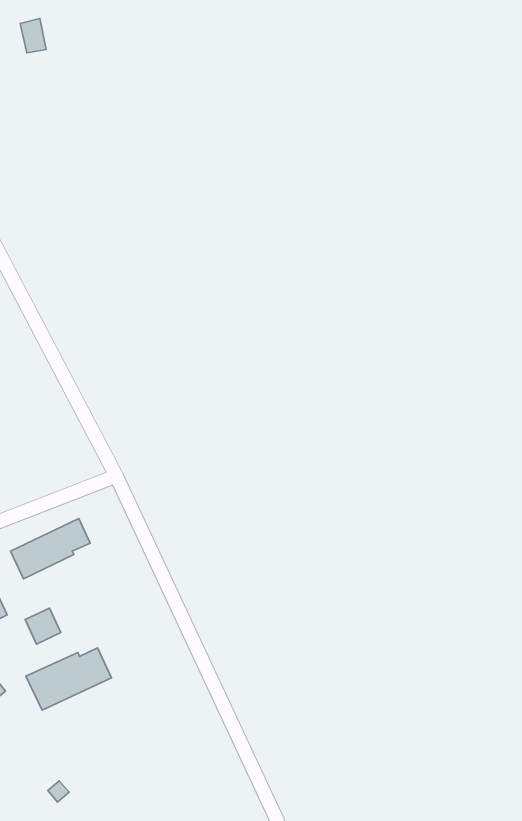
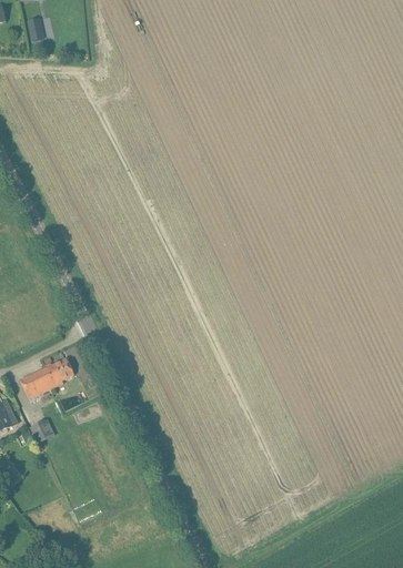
building: [26,648,112,710] -> none

